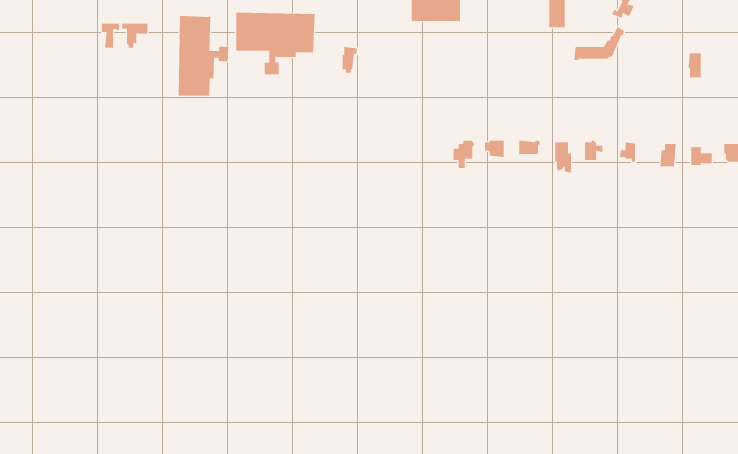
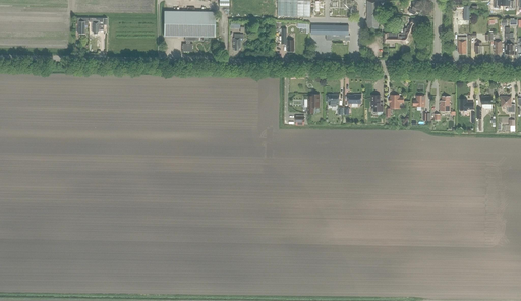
building: [178,15,229,97] -> none
building: none -> [311,24,350,40]

